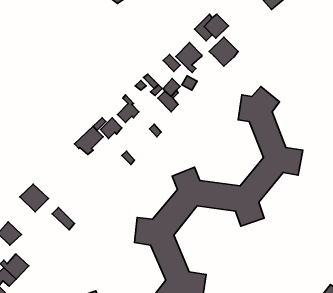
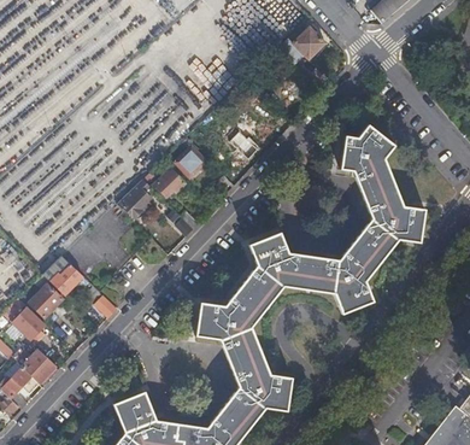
building: [209,37,238,66] -> none
building: [176,43,202,72] -> none
building: none -> [33,274,67,317]

